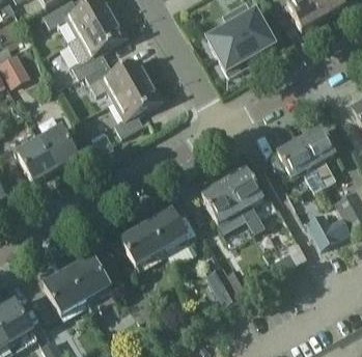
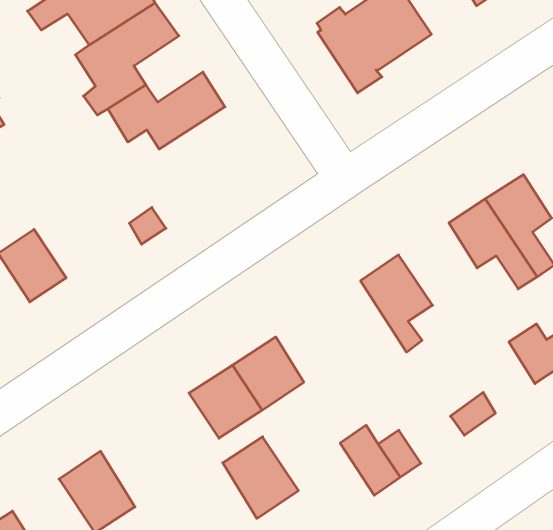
building: [113,76,164,135] -> none
building: [38,127,77,168] -> none
building: [201,181,248,228] -> none
building: [68,255,111,302] -> [223,437,298,518]

